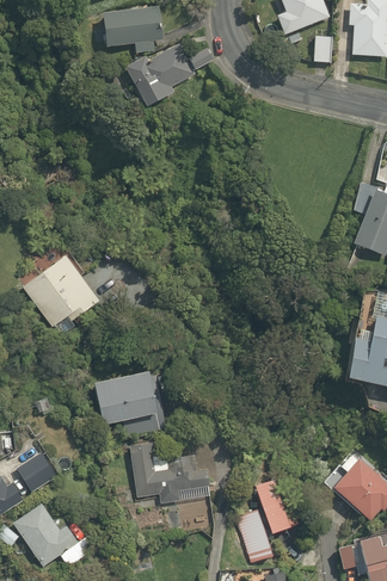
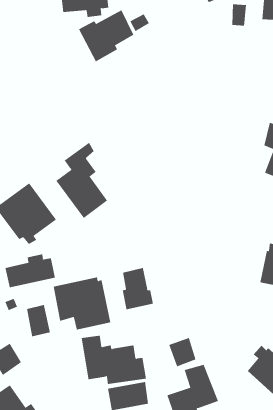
building: none -> [56,142,108,219]
building: none -> [5,254,56,288]
building: none -> [122,267,154,310]
building: none -> [27,304,50,337]
building: none -> [169,337,196,367]

